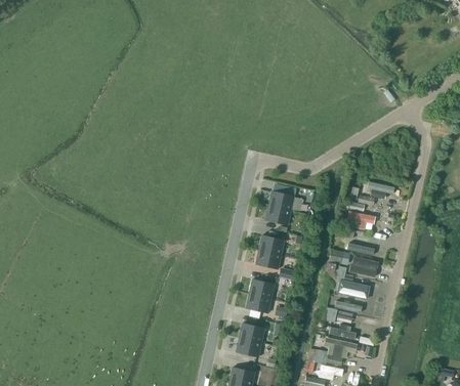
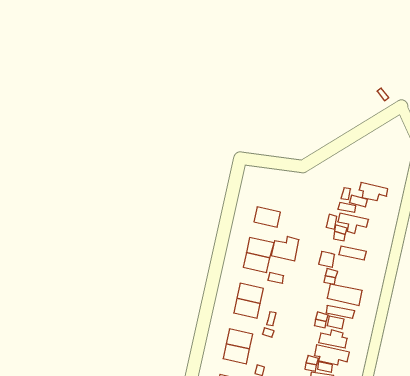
building: [268,186,295,210] -> [271,236,299,261]
building: [350,257,379,278] -> none

